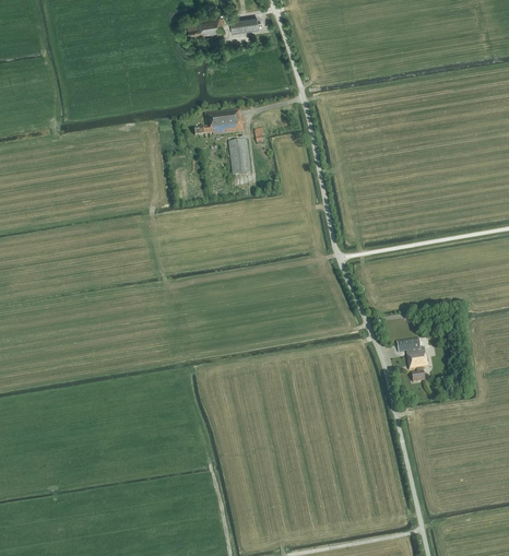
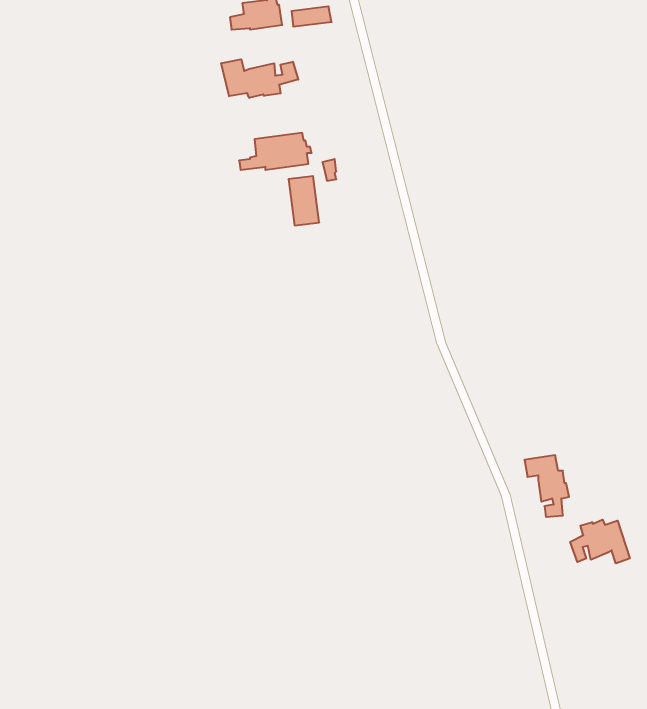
building: none -> [221,59,298,98]
building: none -> [570,520,630,563]

